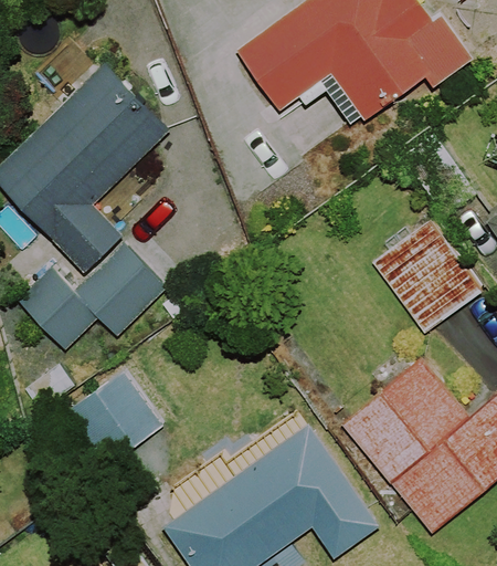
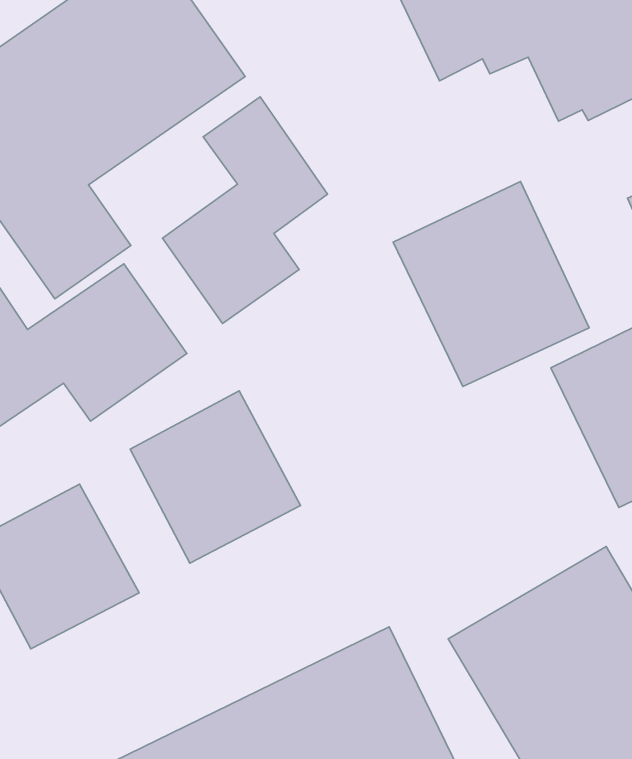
building: none -> [163,97,327,323]
building: none -> [393,181,589,387]
building: none -> [130,391,300,563]

